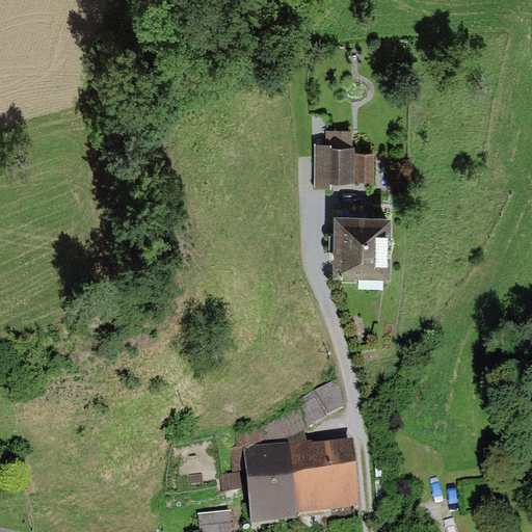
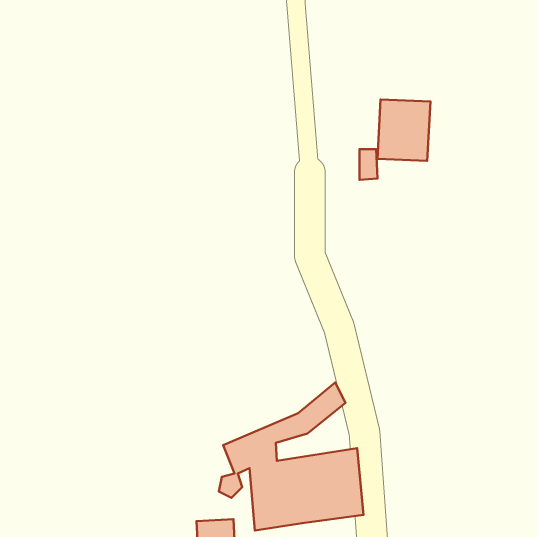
building: [315,147,347,180] -> none
building: [334,209,385,269] -> [377,100,430,161]

